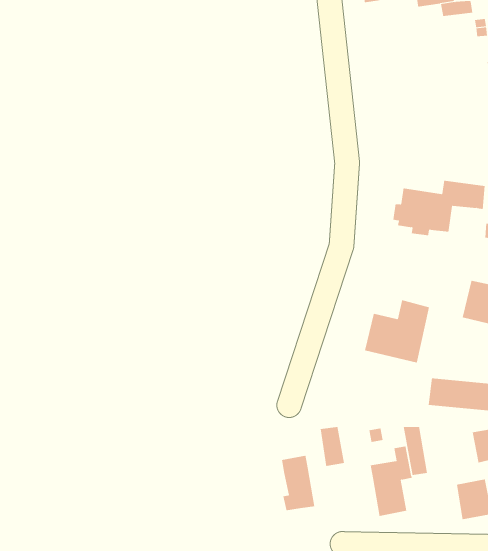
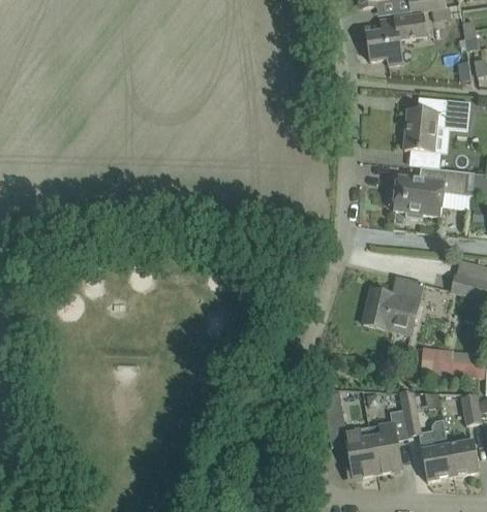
building: none -> [366,12,427,64]
building: none -> [404,96,470,151]
building: [281,455,315,511] -> [345,426,376,477]
building: none -> [420,418,452,480]

